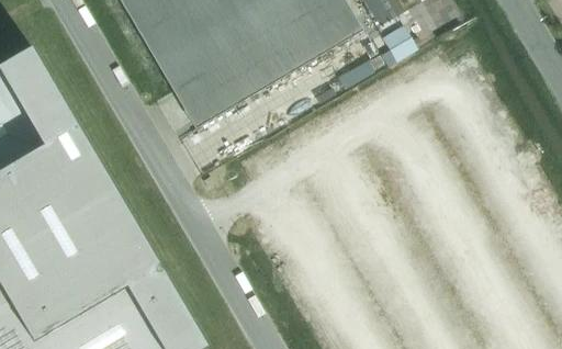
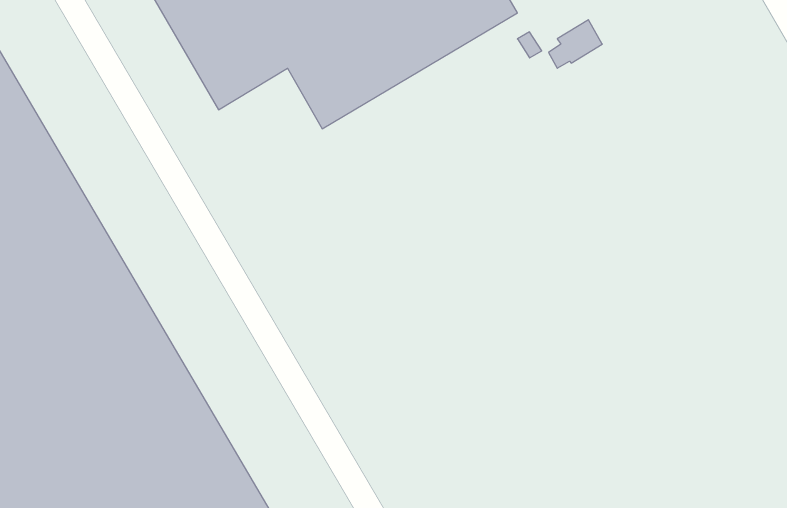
building: [172,63,238,126] -> none

